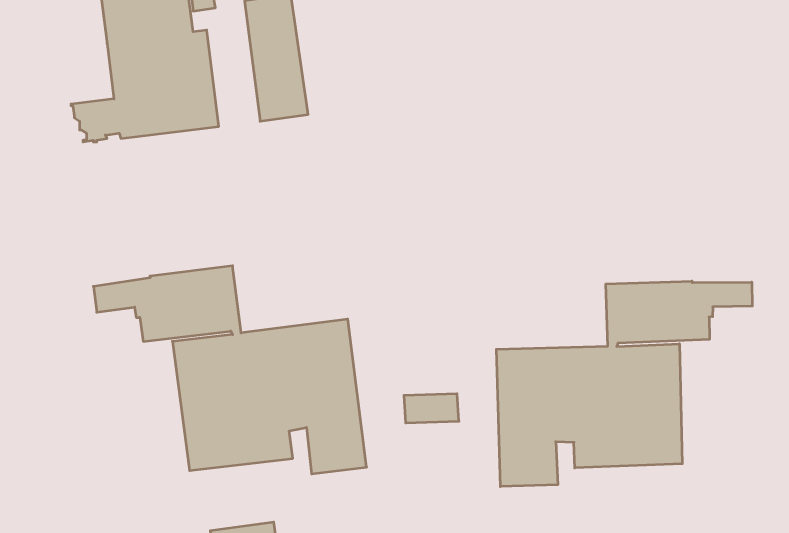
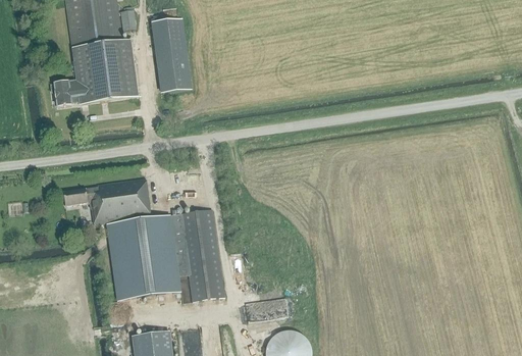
building: [496,281,752,487] -> none
building: [404,394,459,423] -> [250,299,282,316]

